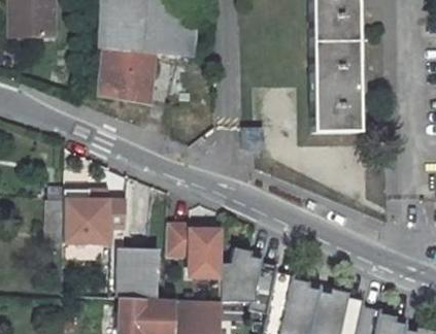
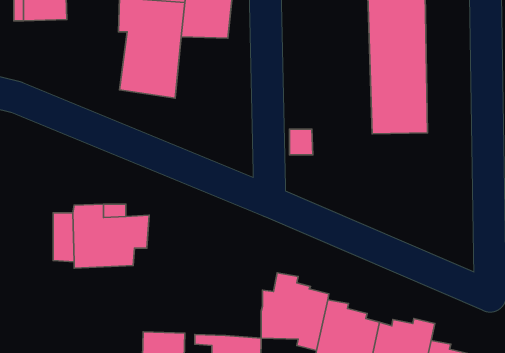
building: [167,224,223,276] -> none
building: [122,246,158,299] -> none

